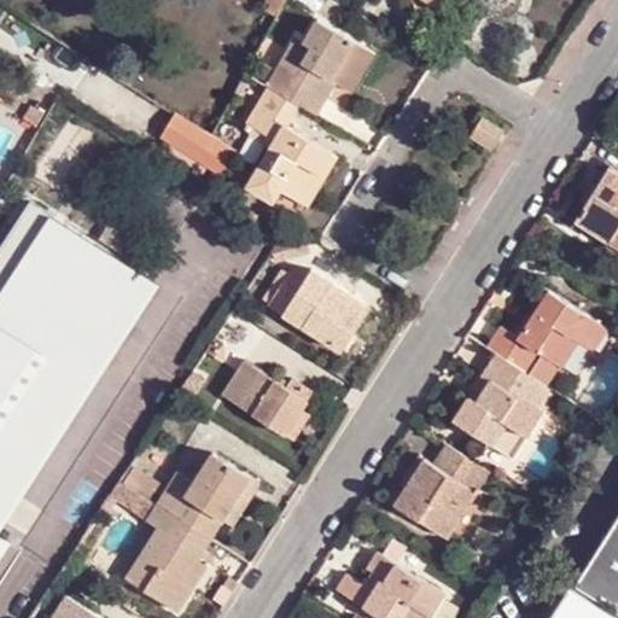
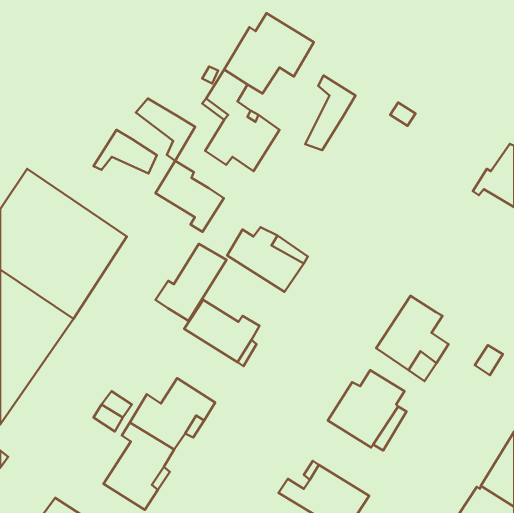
building: none -> [305,75,356,150]
building: none -> [94,130,157,173]
building: none -> [155,161,224,232]
building: [484,292,604,375] -> none
building: none -> [156,244,226,321]

